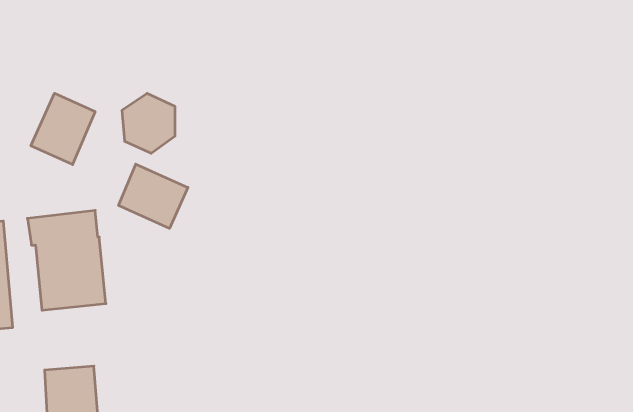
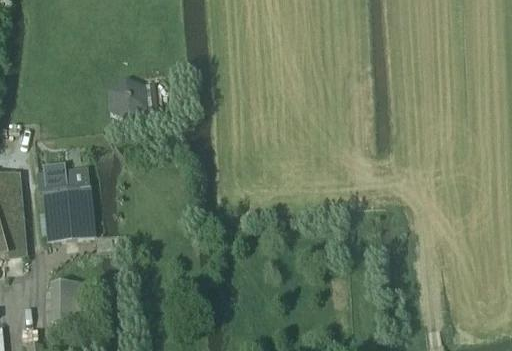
building: [31,93,95,165] -> none
building: [119,164,188,228] -> none

